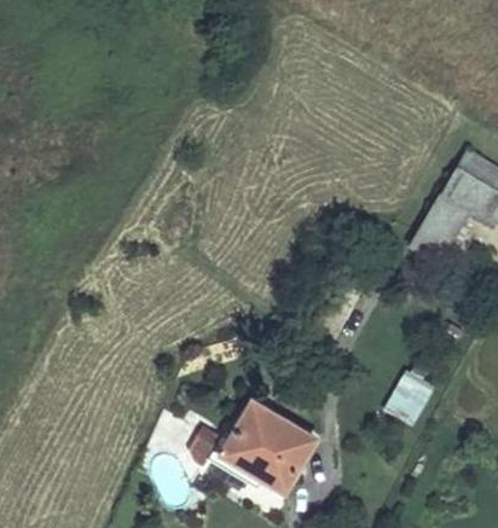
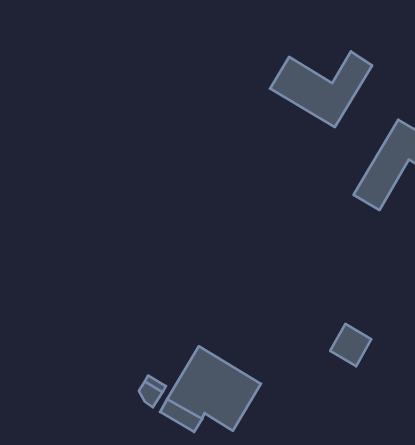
building: none -> [270,51,372,127]

